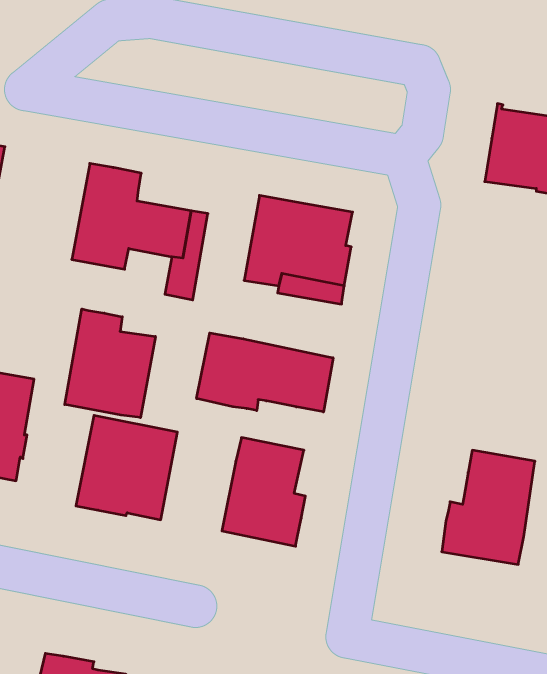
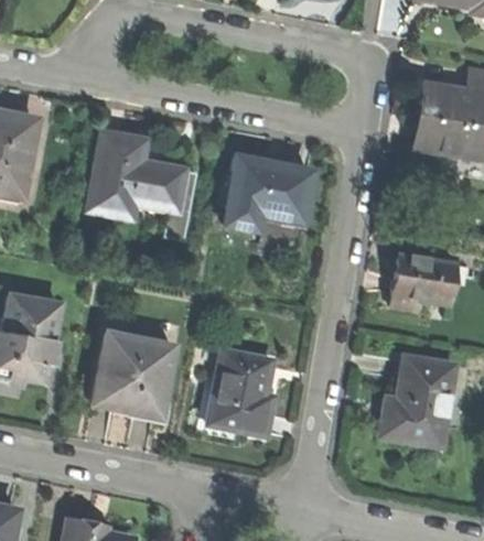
building: [65,309,155,418] -> none
building: none -> [390,253,458,309]
building: [197,333,333,412] -> none

